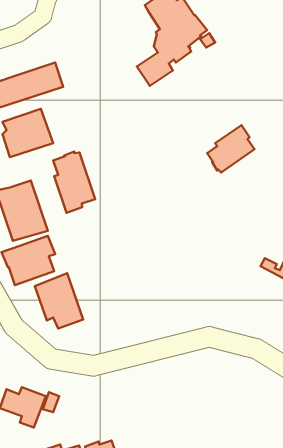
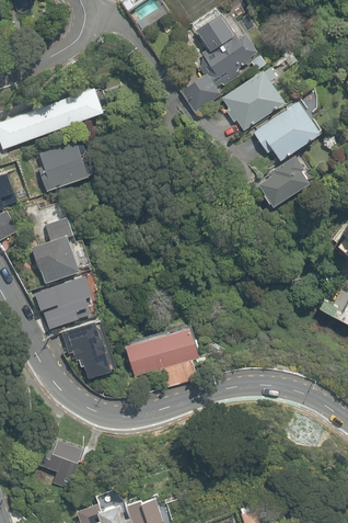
building: none -> [221,67,285,130]
building: none -> [253,101,320,160]
building: [53,152,95,213] -> none
building: none -> [131,323,205,387]

